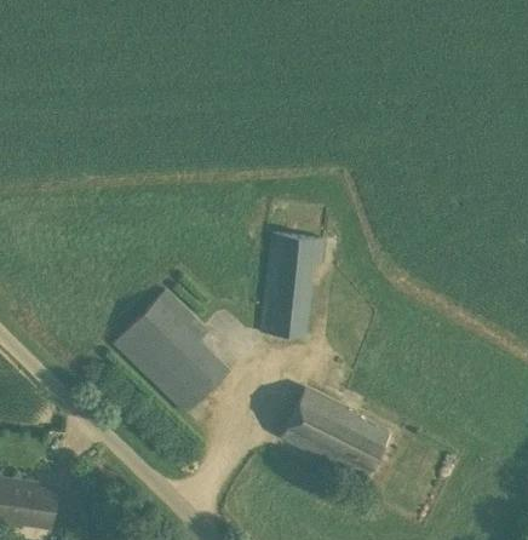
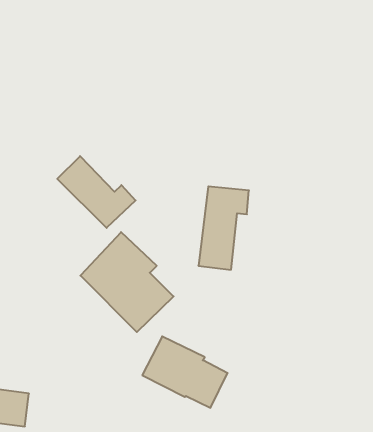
building: none -> [57,156,136,228]
building: [283,390,388,477] -> [142,336,228,408]

